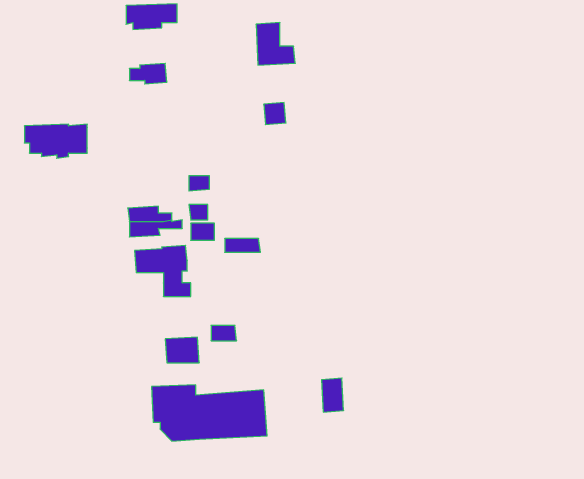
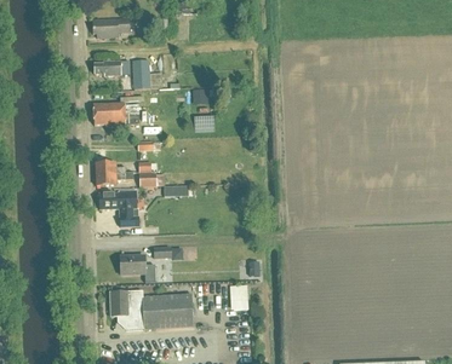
building: [256,23,295,65] -> [131,58,159,88]
building: [24,124,87,158] -> [93,103,138,127]

